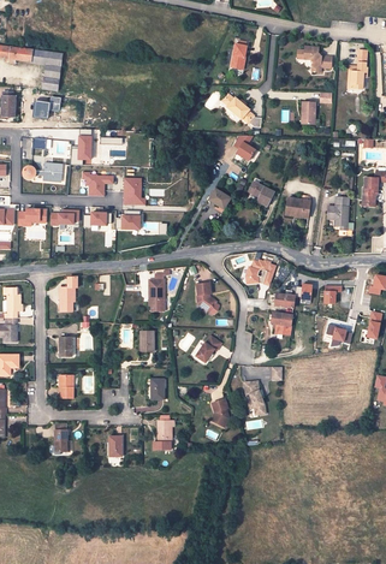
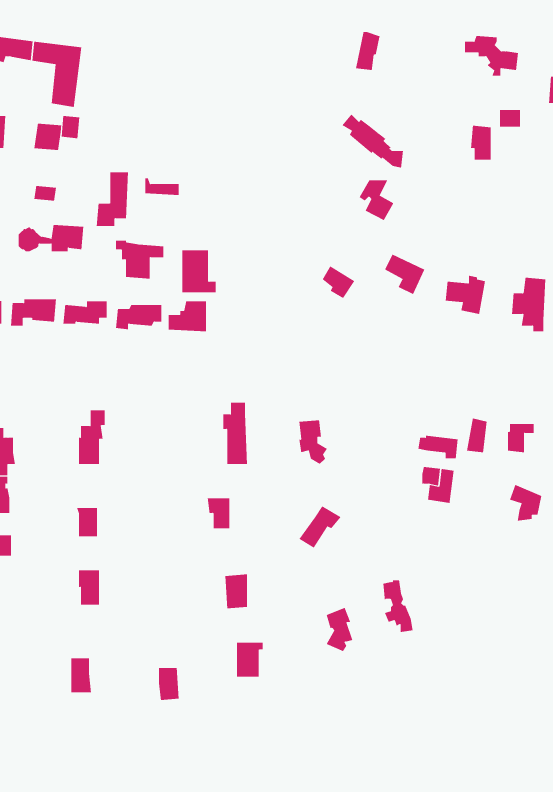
building: [245,260,275,285] -> none

